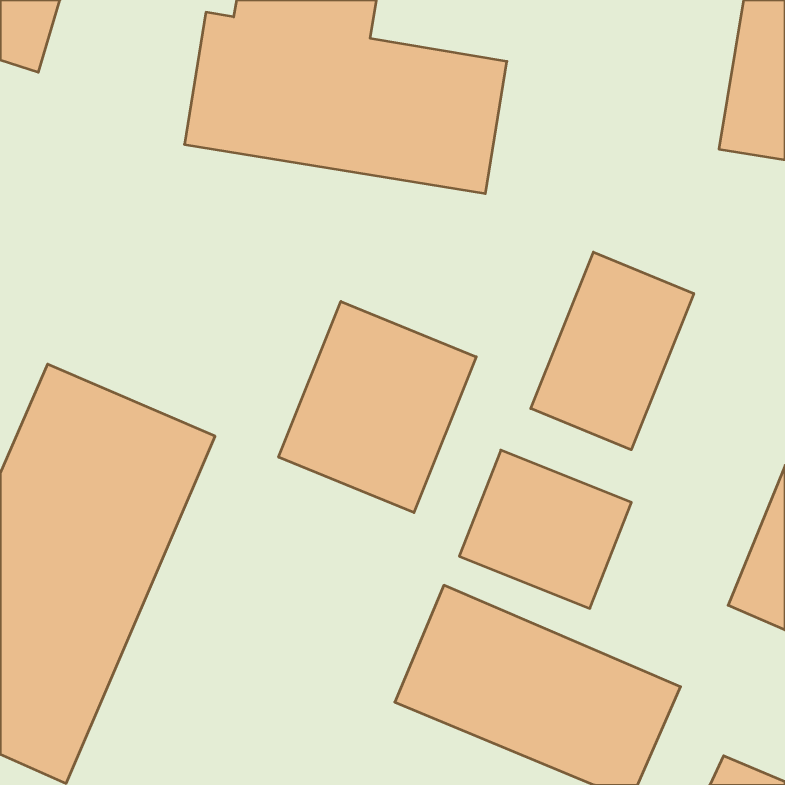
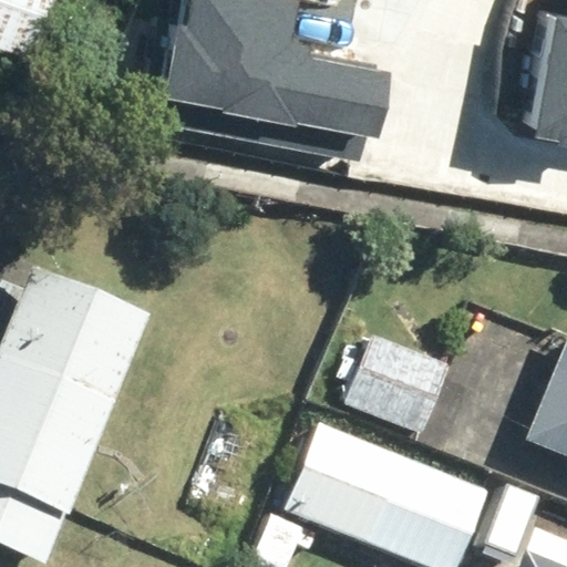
building: [531,252,694,450] -> none
building: [279,301,476,513] -> none

